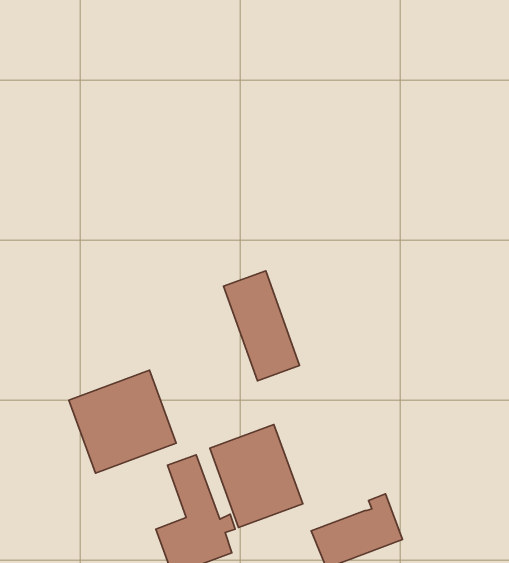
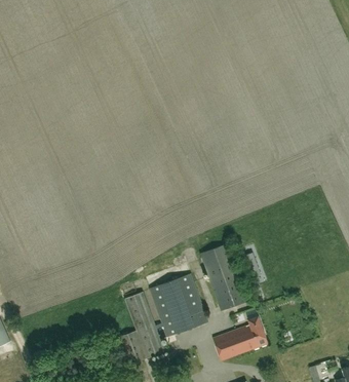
building: [224,271,300,381] -> [200,243,246,310]
building: [69,370,176,473] -> none

